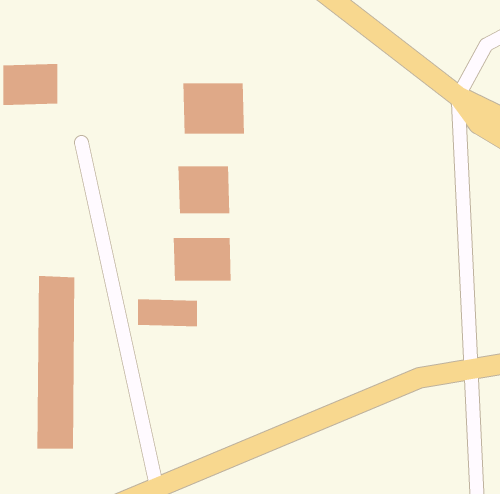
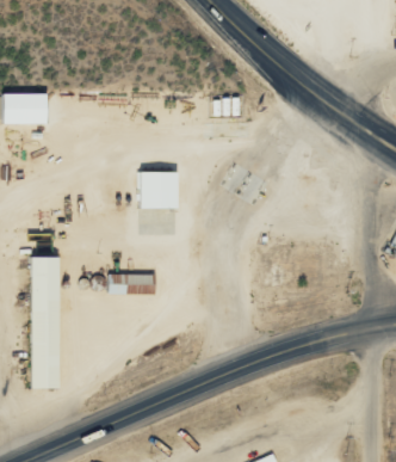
building: [183,82,244,135] -> none
building: [173,237,231,281] -> none

